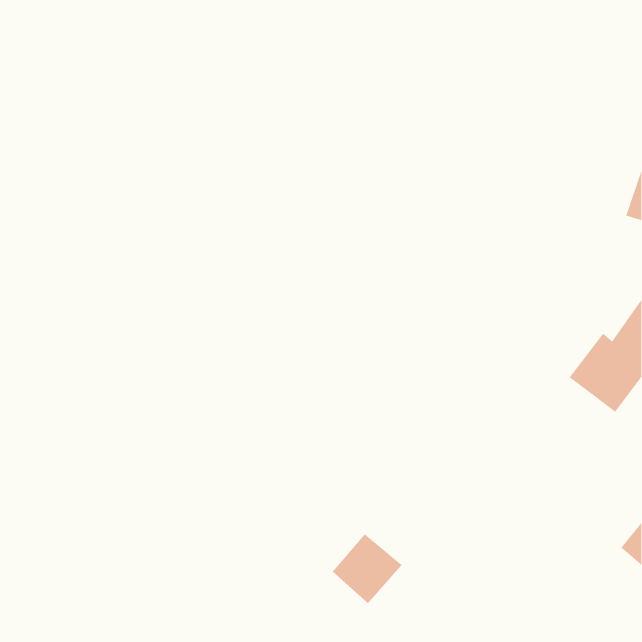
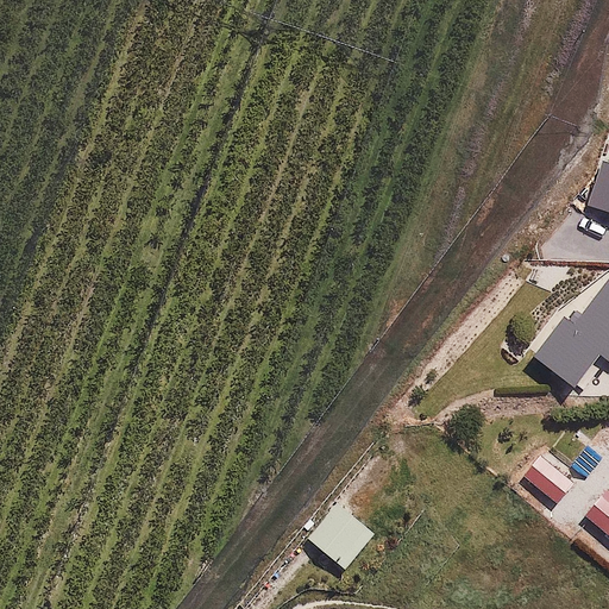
building: none -> [522,453,572,502]

